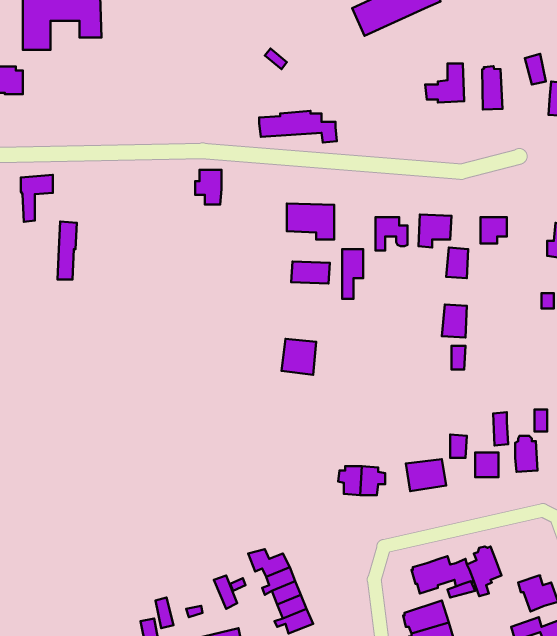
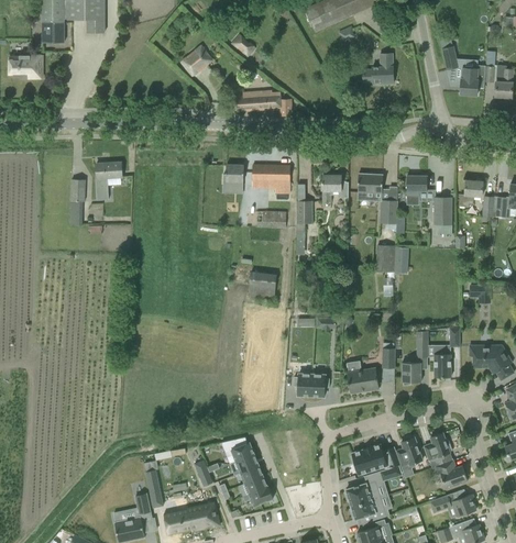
building: none -> [179,45,213,78]
building: [482,66,502,110] -> none
building: [195,170,222,205] -> [222,166,243,193]
building: [21,175,53,222] -> [96,163,121,200]
building: none -> [433,197,451,234]
building: none -> [424,433,452,468]

